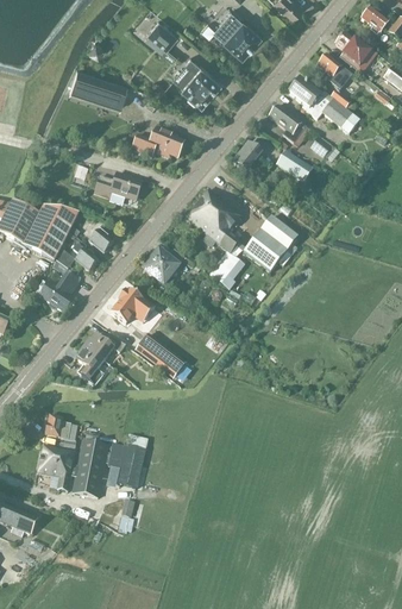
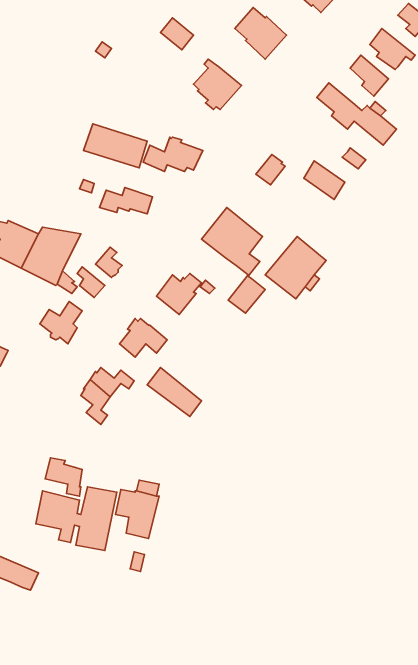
building: [69,68,126,107] -> [83,124,147,168]
building: [269,103,306,142] -> none

